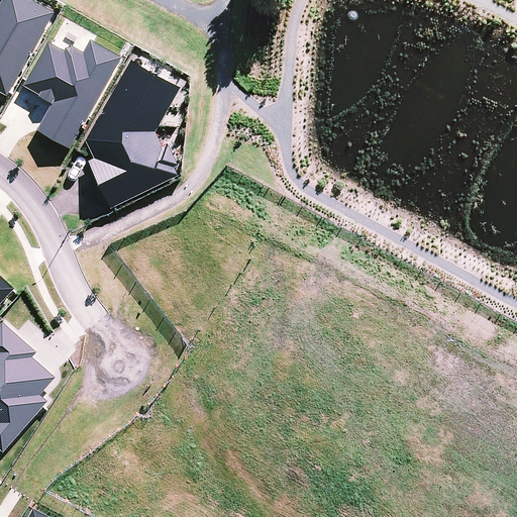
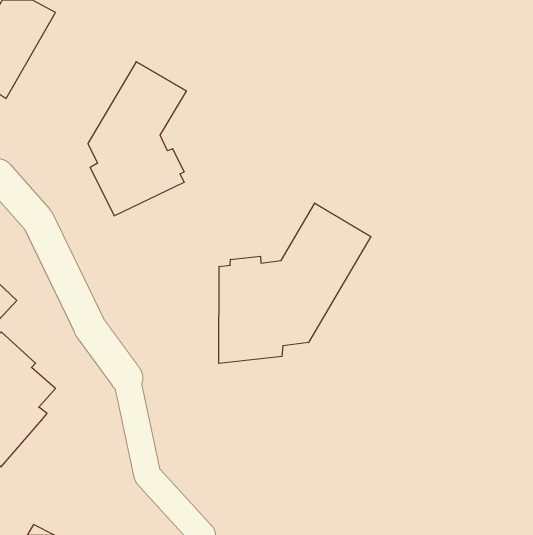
building: [23,39,121,148] -> none
building: none -> [219,203,371,363]

